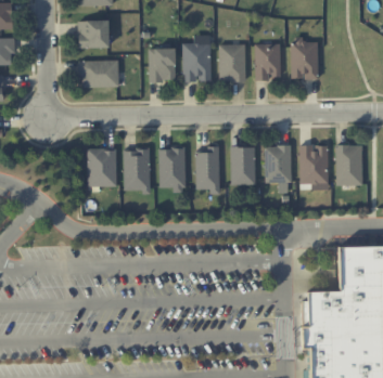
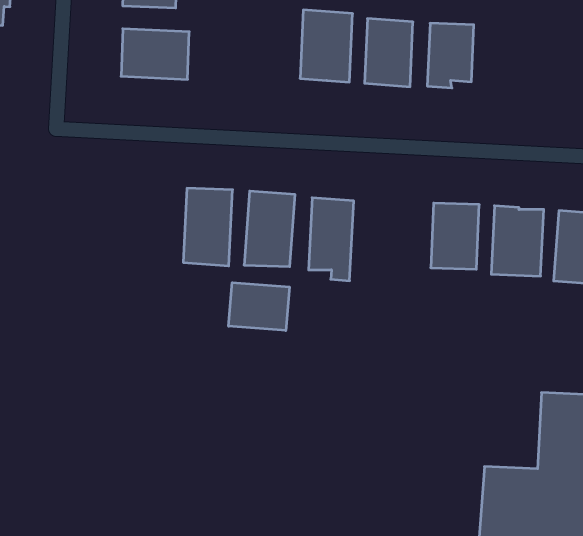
building: [292,40,319,78] -> none
building: [149,48,176,81] -> none
building: [231,146,255,185] -> none
building: [88,148,117,186] -> none
building: none -> [229,283,289,331]

